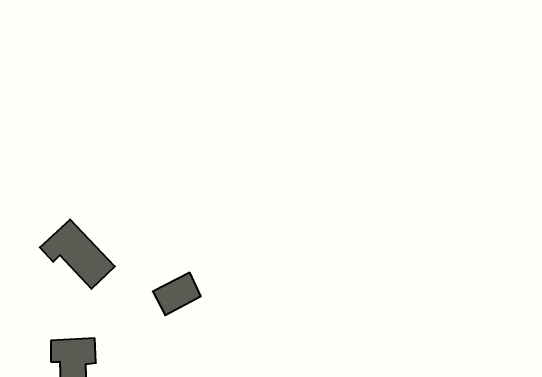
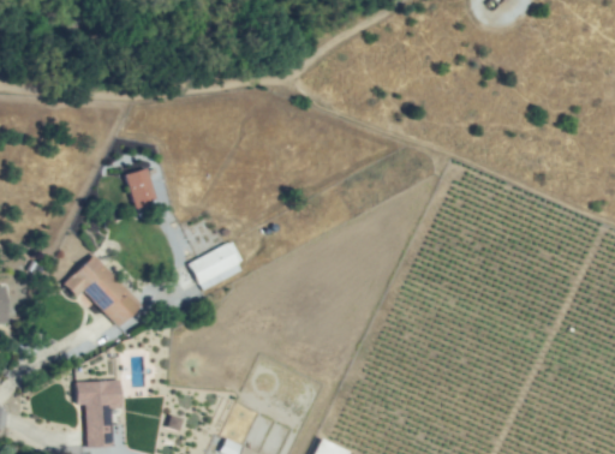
building: none -> [125,167,156,209]
building: [153,273,201,315] -> [190,243,241,288]

